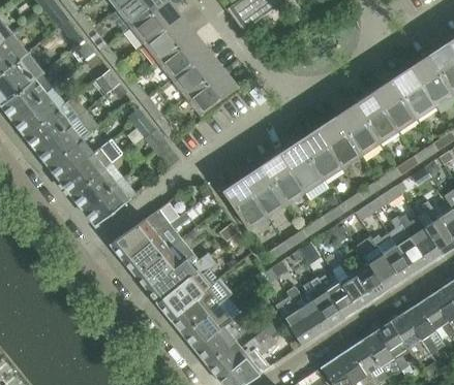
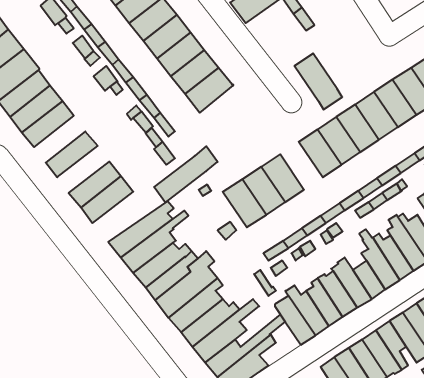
building: [36,109,97,164] -> none
building: [59,138,122,194] -> [154,146,218,203]
building: [280,143,328,199] -> [294,53,342,110]

